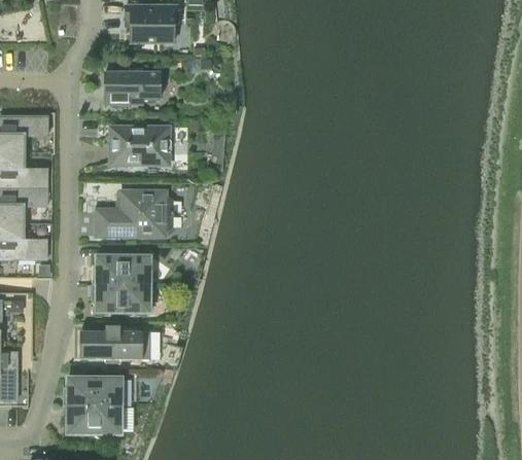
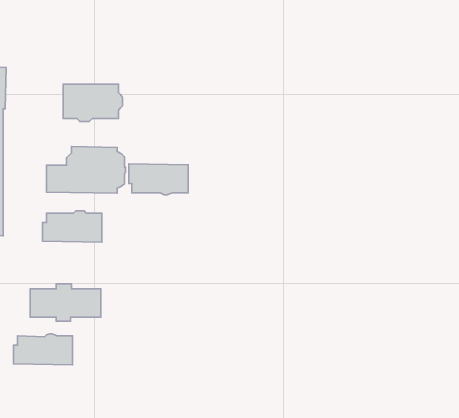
building: [102,66,162,104] -> none
building: [90,283,148,314] -> [129,164,188,195]
building: [61,404,119,435] -> none

